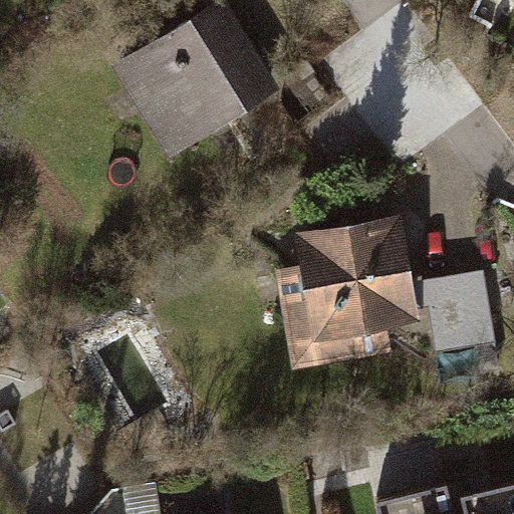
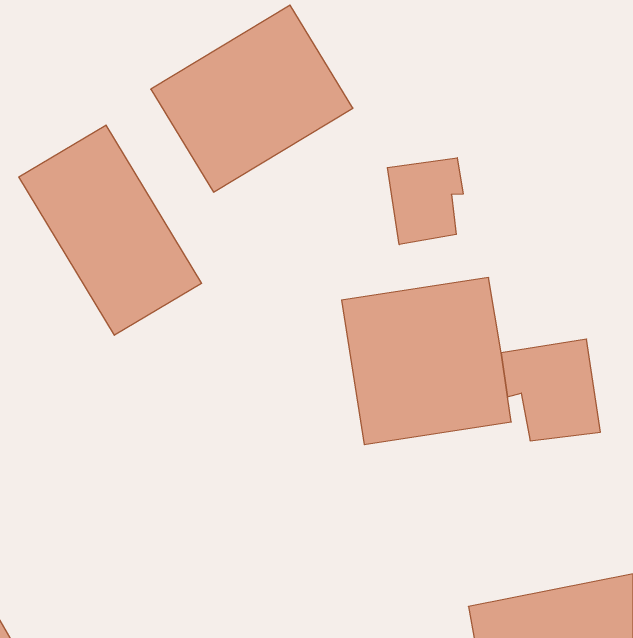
building: none -> [19,125,202,335]
building: none -> [387,158,463,245]

